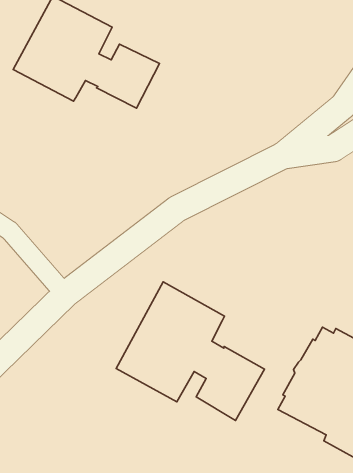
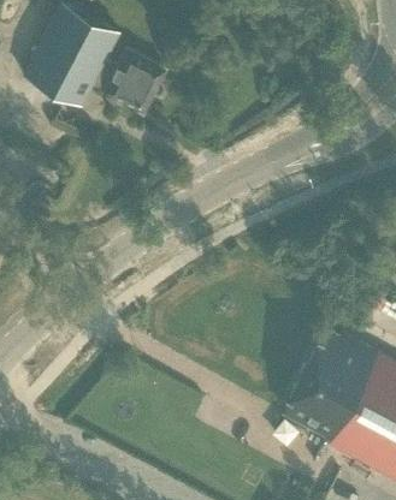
building: [116,282,265,421] -> none

